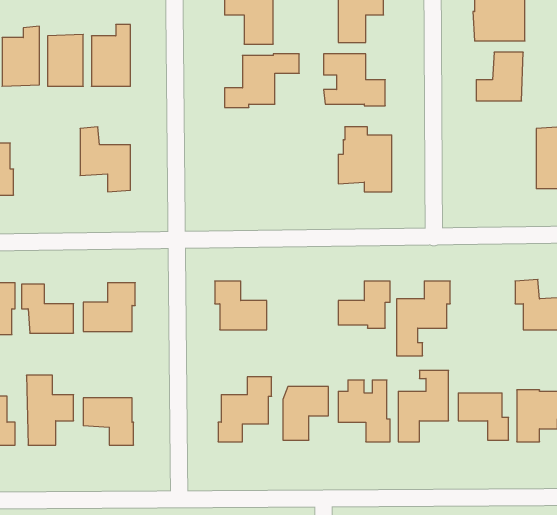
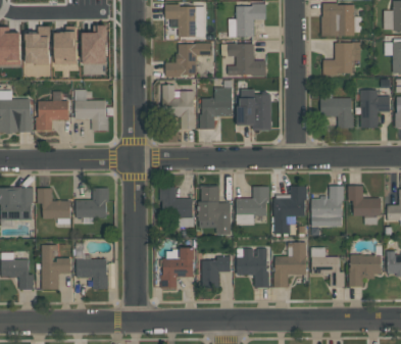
building: none -> [162,85,195,130]
building: none -> [200,87,233,129]
building: none -> [320,97,353,128]
building: none -> [36,100,68,131]
building: none -> [198,186,231,235]
building: none -> [311,186,344,227]

